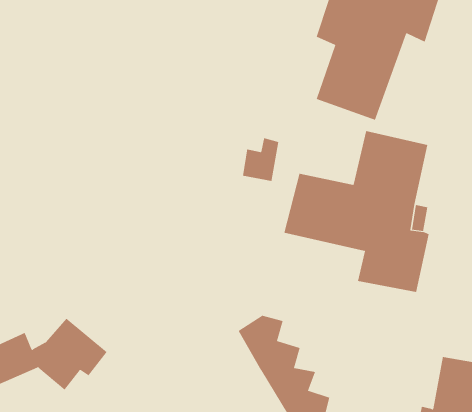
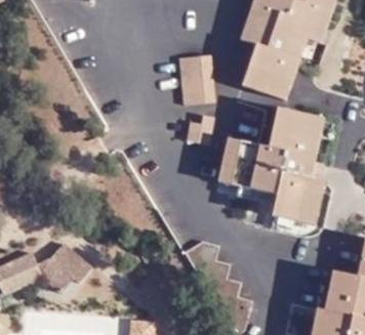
building: none -> [180,54,214,102]

